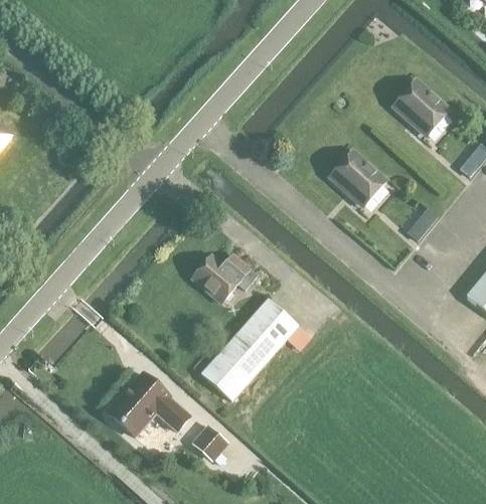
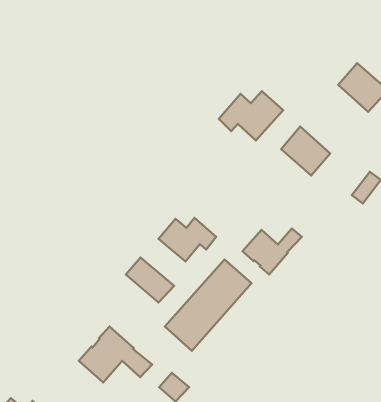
building: none -> [219,91,283,140]
building: none -> [243,228,302,274]
building: none -> [126,257,174,303]

